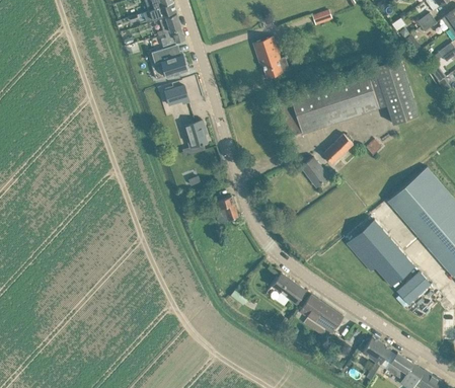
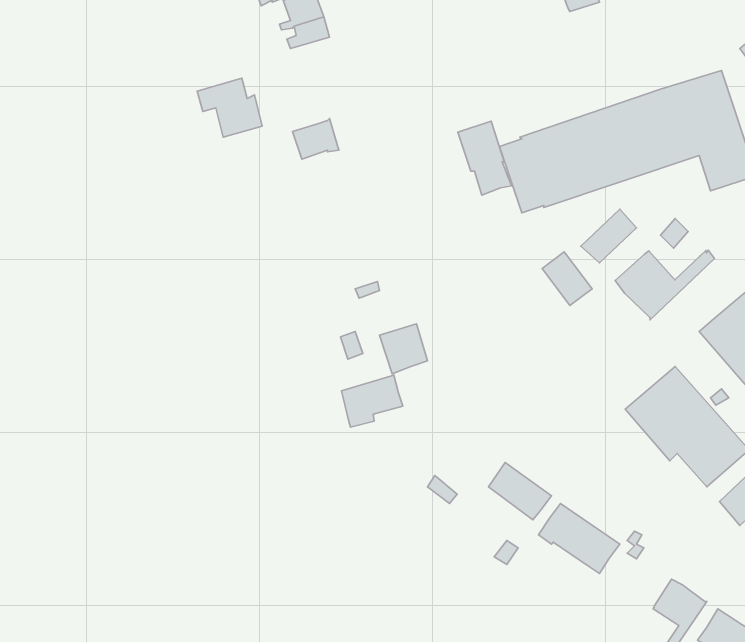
building: [253,37,283,78] -> [458,121,511,195]
building: [152,45,187,77] -> [197,78,262,137]
building: [183,121,207,153] -> none
building: none -> [615,250,714,320]
building: none -> [341,375,403,427]

